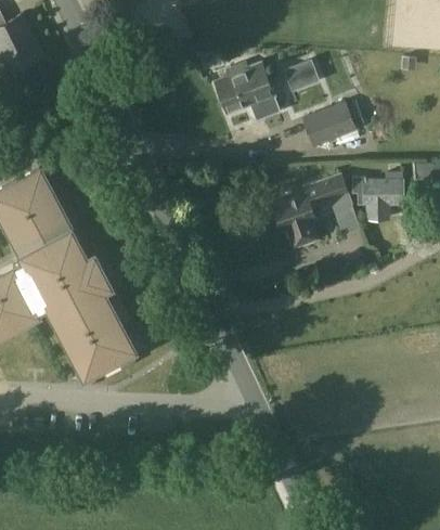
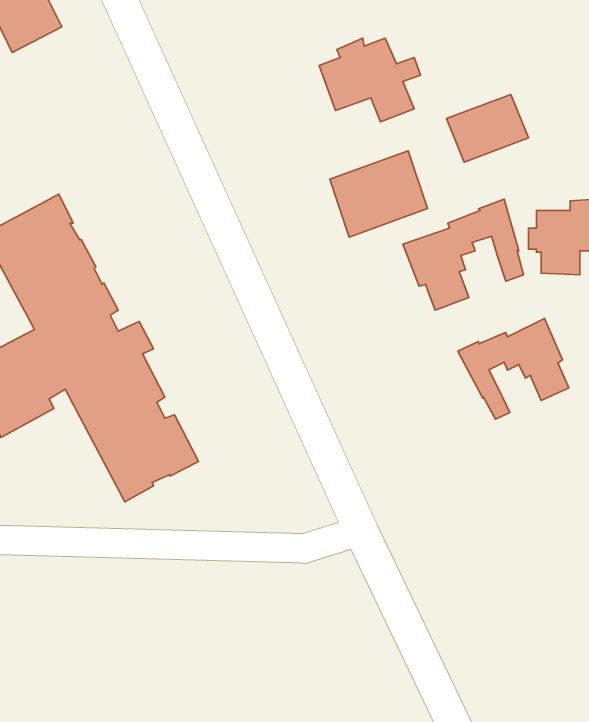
building: [281,59,314,90] -> none
building: none -> [330,151,428,237]
building: none -> [458,319,569,419]

